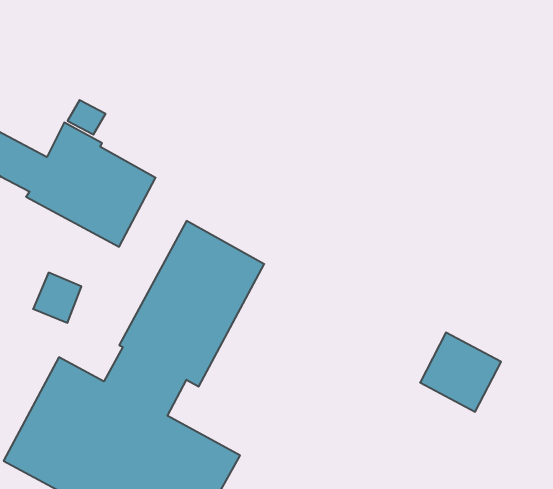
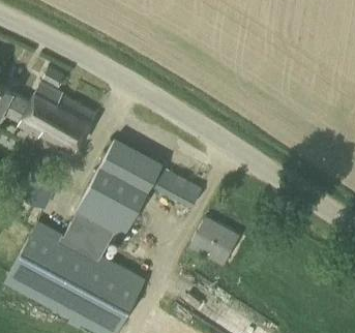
building: none -> [156,171,202,208]
building: [420,332,501,412] -> [190,217,239,265]

